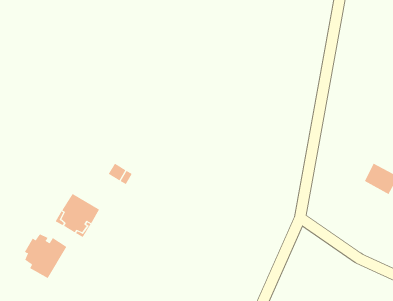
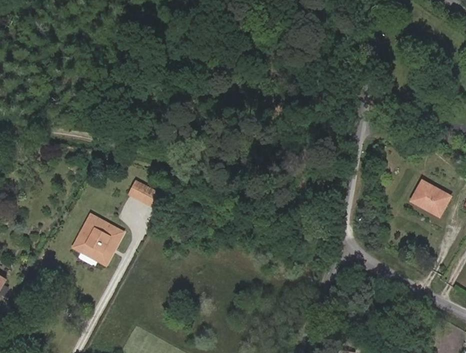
building: [24,234,67,279] -> none

